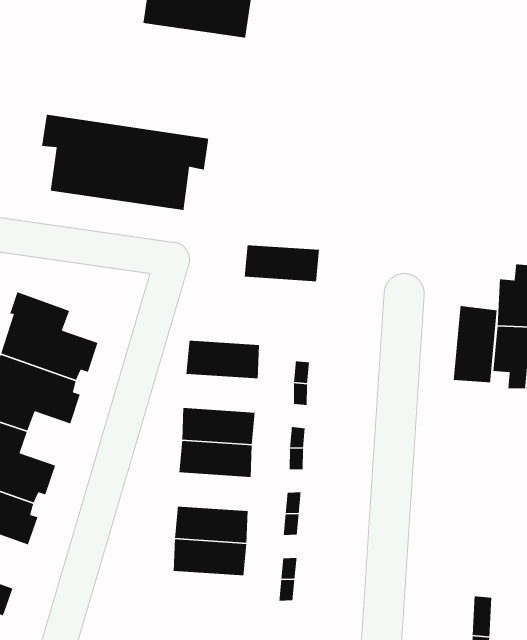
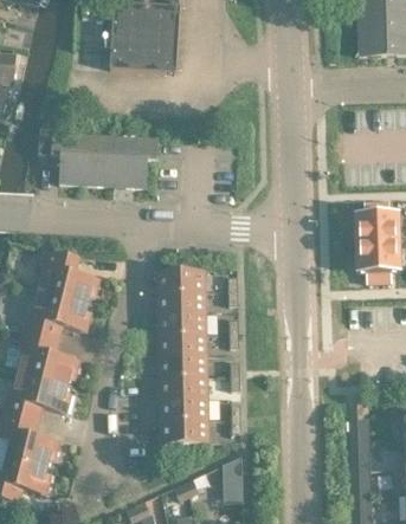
building: [244,244,320,282] -> [159,292,206,315]
building: [453,305,498,383] -> none
building: none -> [160,356,207,379]
building: none -> [162,420,210,444]

